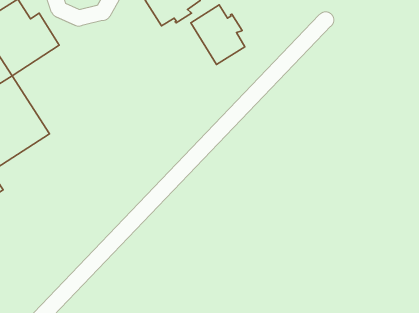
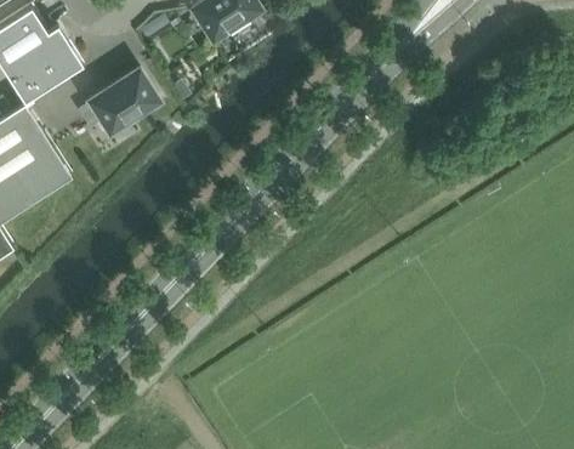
building: [191,5,245,65] -> none
building: none -> [79,72,159,133]

